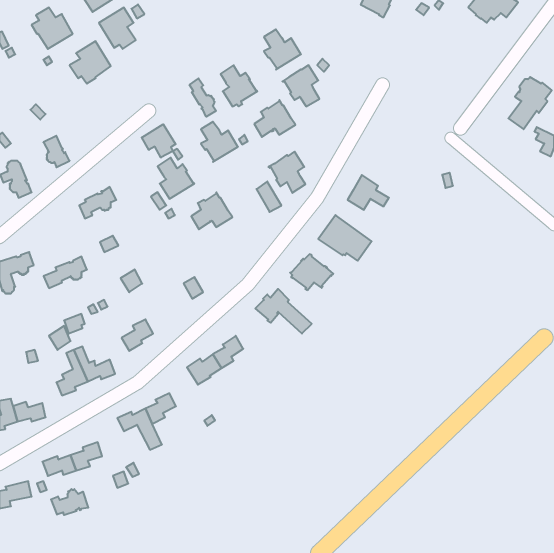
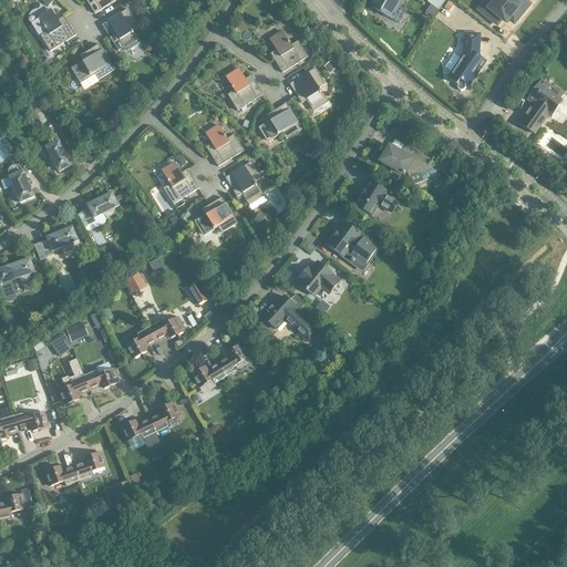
building: none -> [444,31,485,90]
building: [190,78,216,117] -> none
building: [142,124,176,158] -> none
building: none -> [380,144,430,184]
building: [268,152,305,193] -> [224,161,261,203]
building: [44,257,87,288] -> [33,225,78,257]
building: none -> [148,316,184,340]
building: [51,489,88,515] -> none

